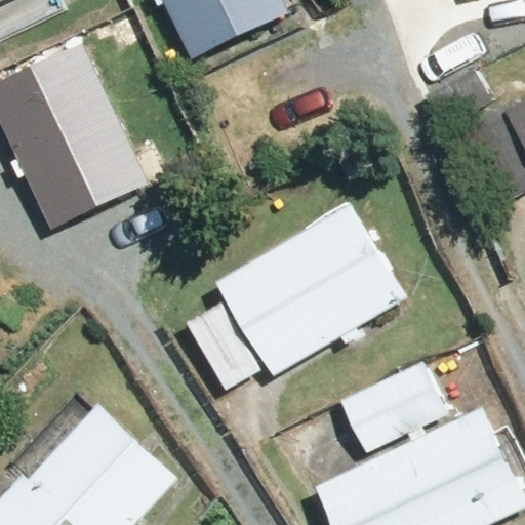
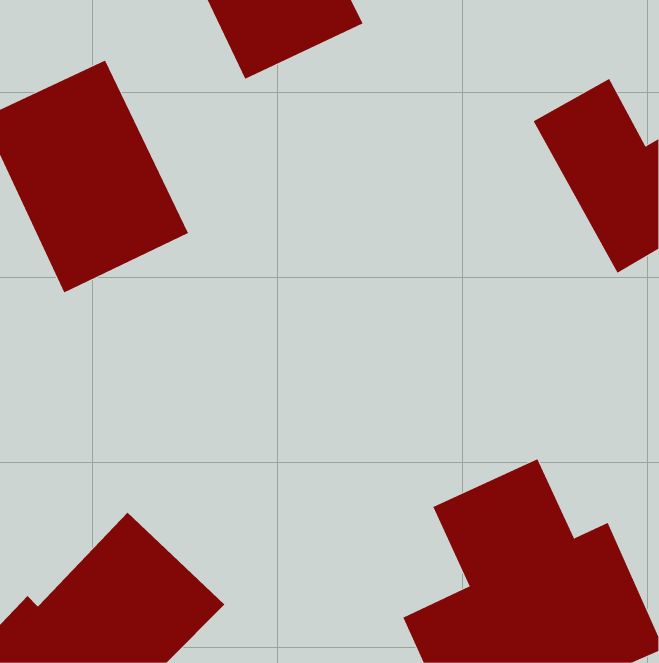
building: [187,204,406,391] -> none

